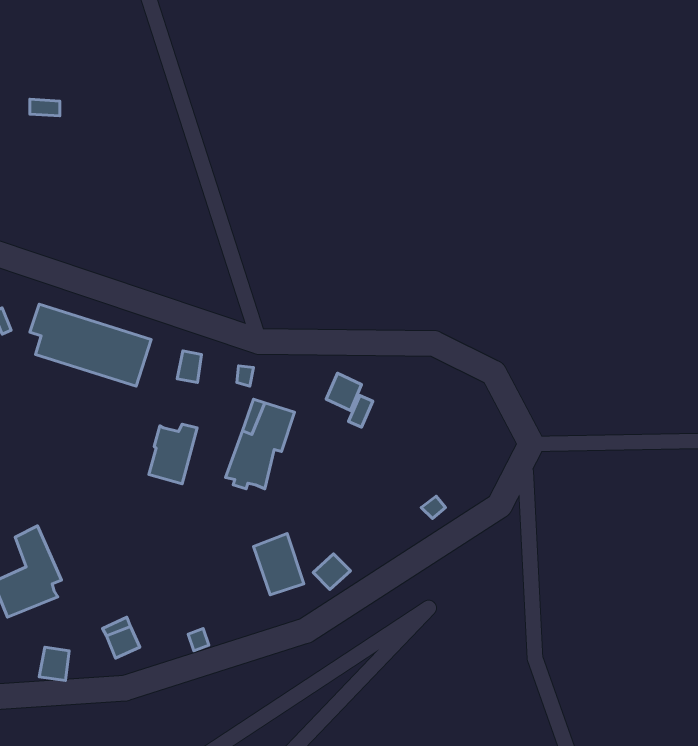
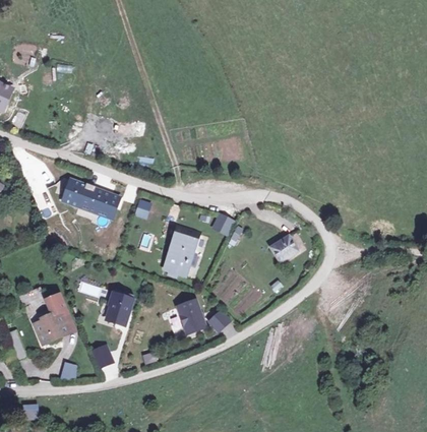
building: none -> [270,235,299,261]
building: [149,424,197,484] -> [107,292,133,324]

